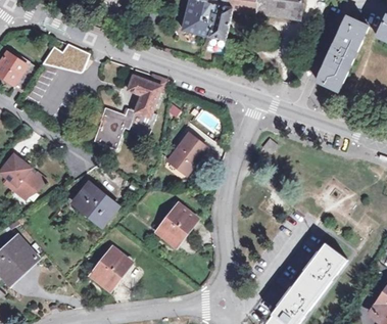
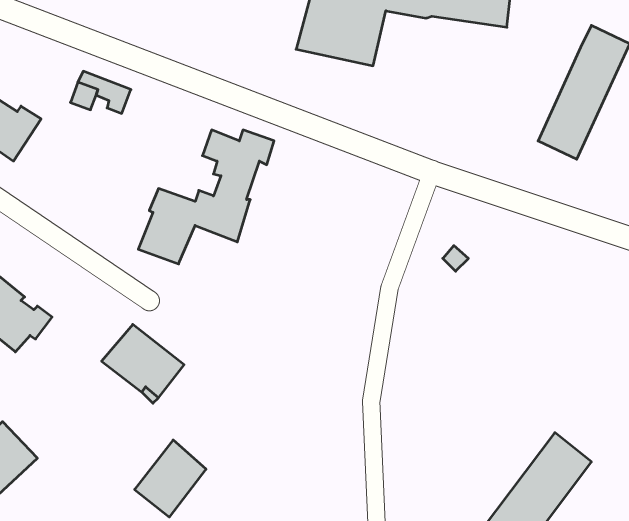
building: [168,133,207,174] -> none
building: [157,203,197,246] -> none

